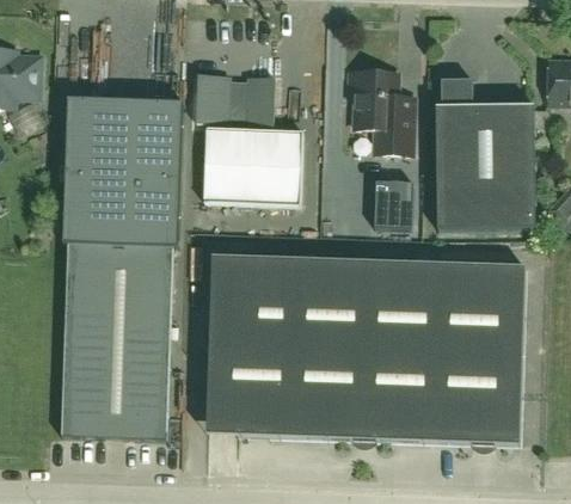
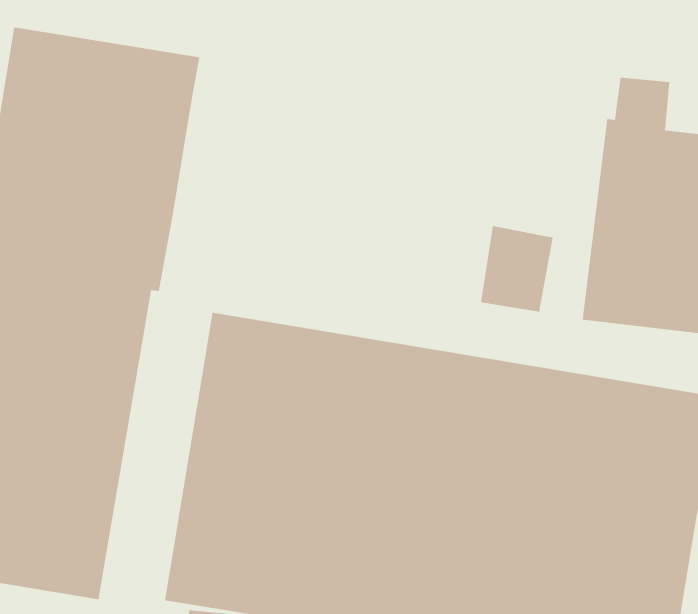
building: [350,70,416,153] -> none
building: [196,74,303,204] -> none

